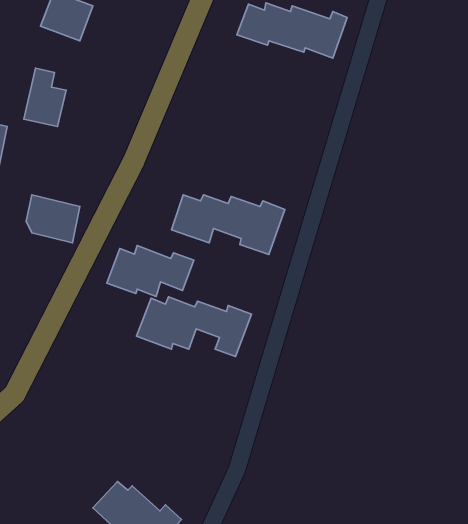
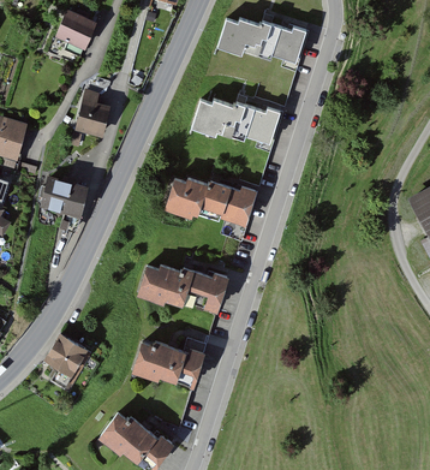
building: [24,68,66,127] -> [76,89,111,137]
building: none -> [191,99,281,145]
building: [107,245,194,296] -> [131,340,203,382]
building: none -> [41,337,88,388]

